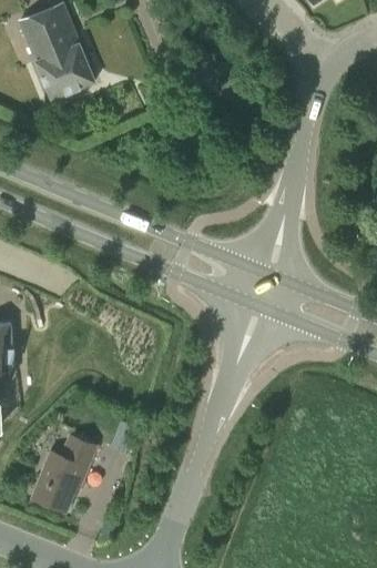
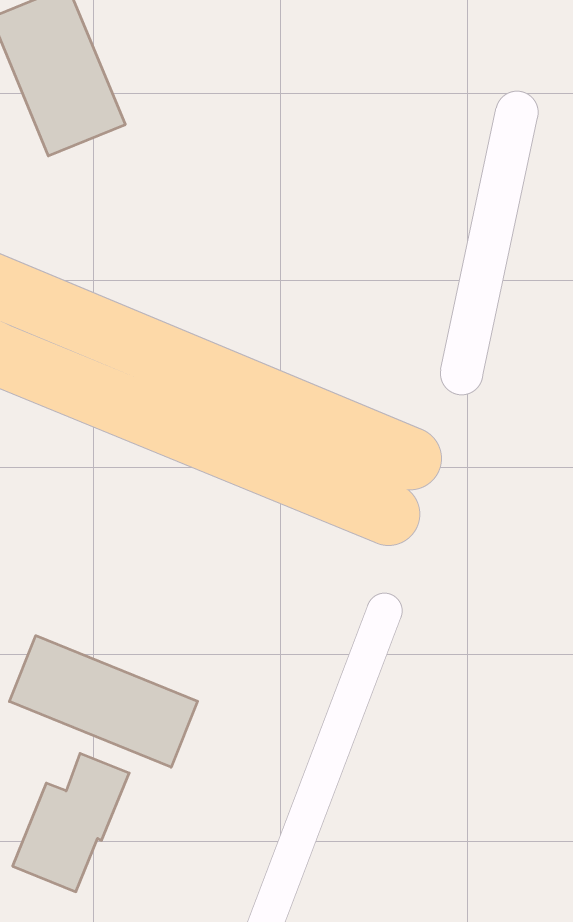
building: none -> [9,636,198,767]

